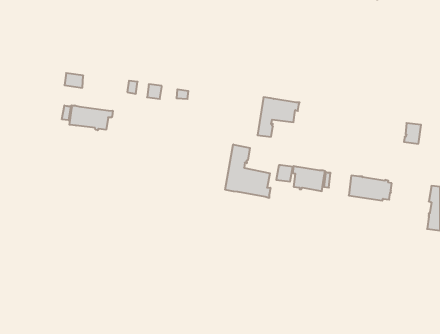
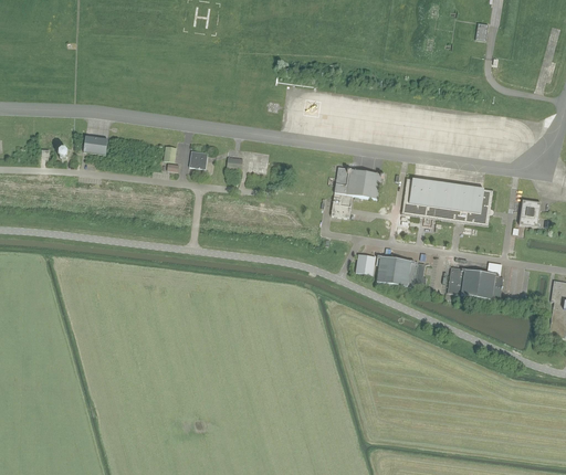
building: [62,105,113,130] -> none
building: none -> [401,177,493,224]
building: [225,144,270,198] -> none

